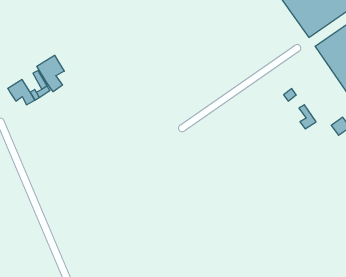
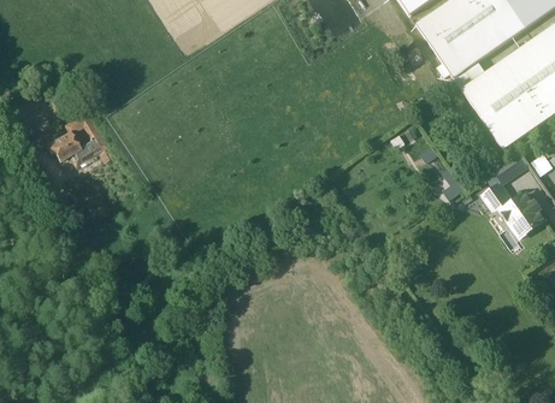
building: [37,55,64,92] -> none

